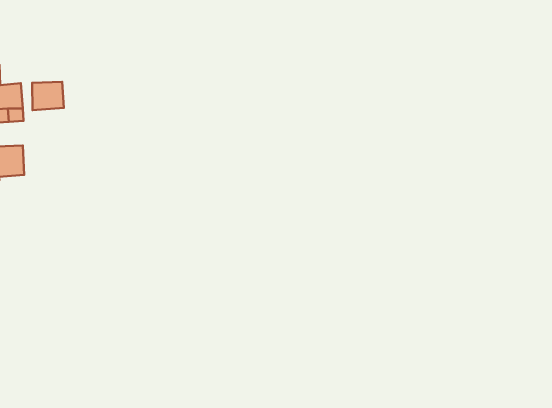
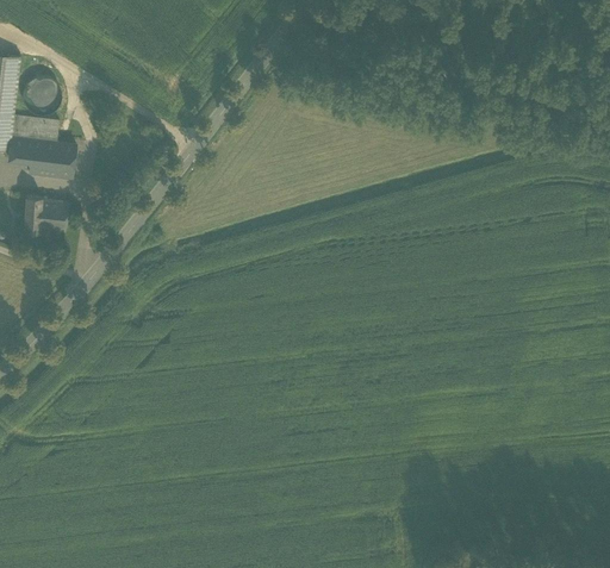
building: [32,82,64,110] -> none

